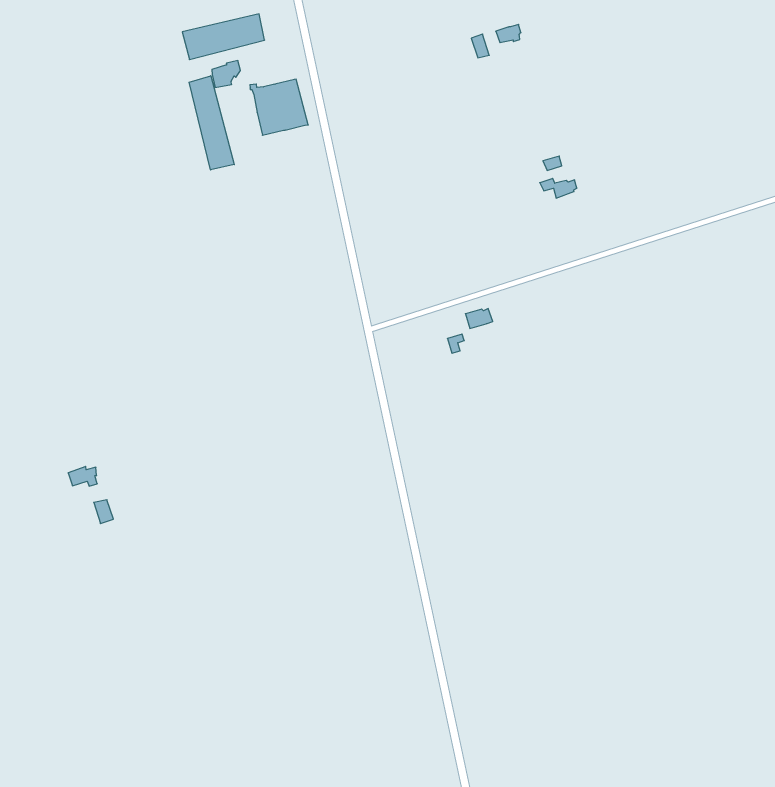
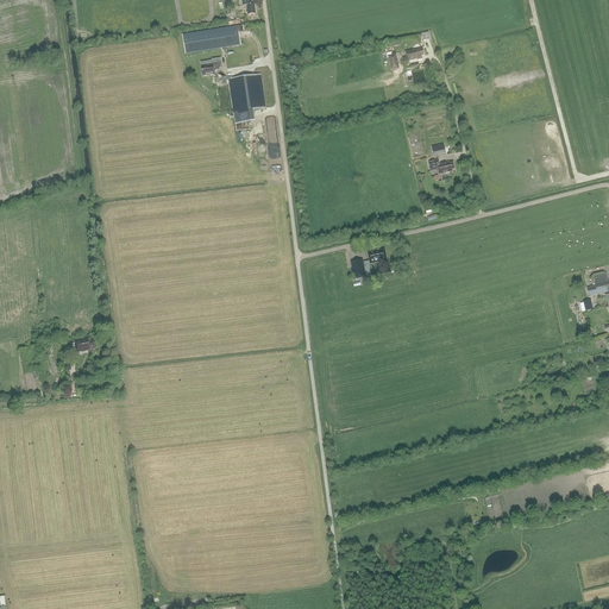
building: [189,76,234,170] -> none

